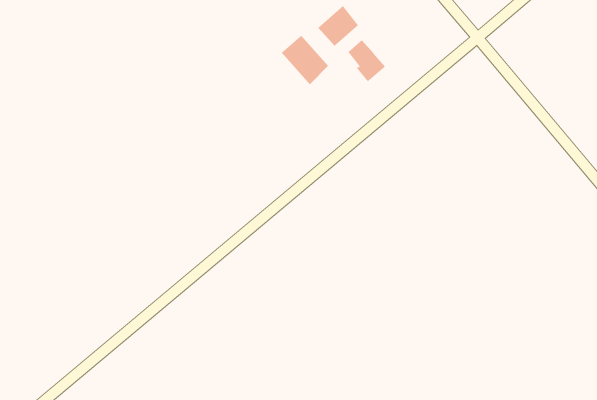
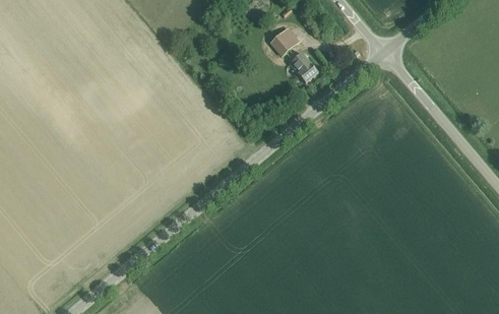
building: [281,35,329,85] -> none

